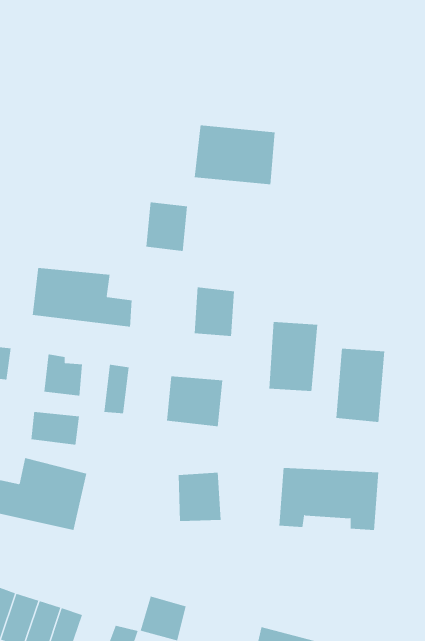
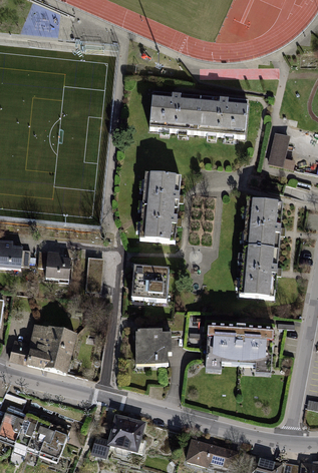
building: none -> [201,95,252,135]
building: none -> [267,129,291,163]
building: [146,202,188,251] -> [149,170,179,204]
building: [32,267,132,328] -> none
building: [268,322,318,392] -> [249,197,283,246]
building: [31,411,79,445] -> none

